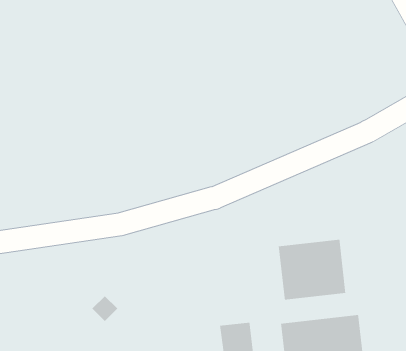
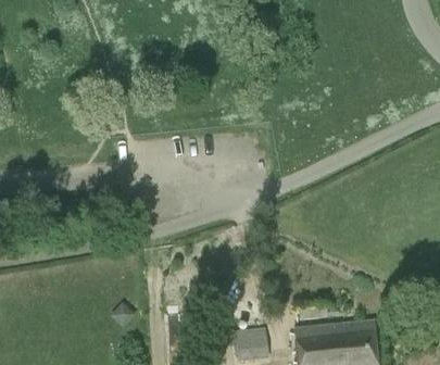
building: [278,239,346,300] -> none

